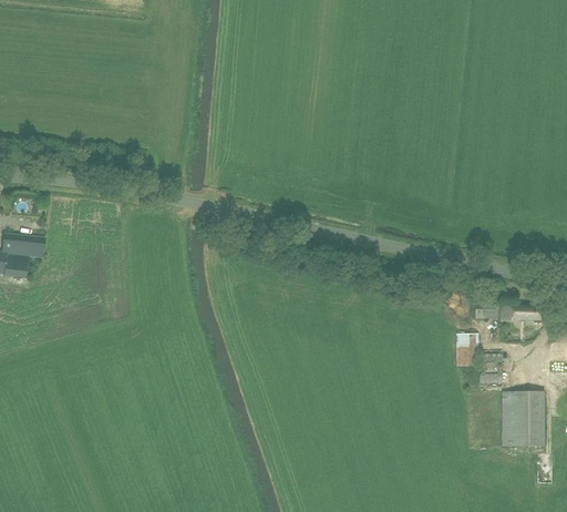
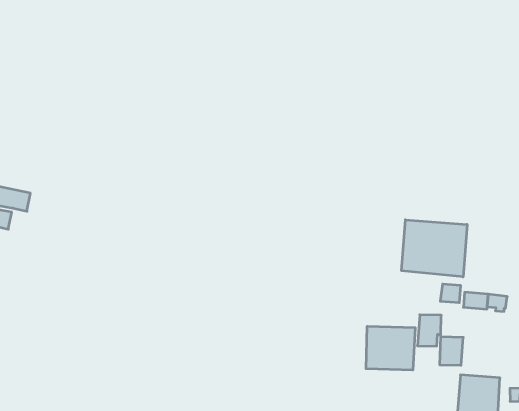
building: none -> [402,220,467,277]
building: none -> [366,326,415,370]

